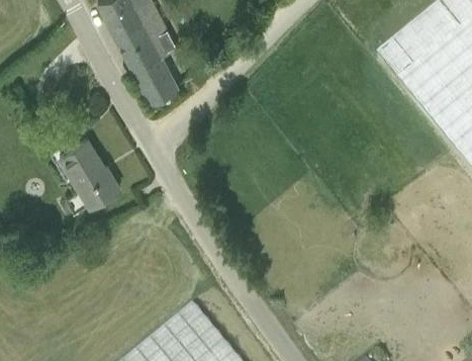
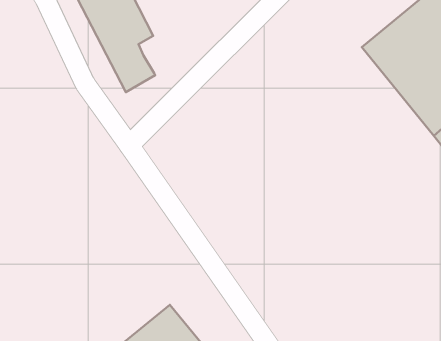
building: [61,138,120,204] -> none

